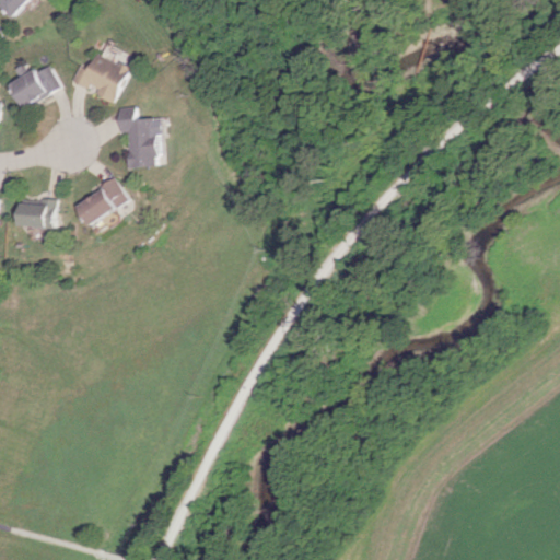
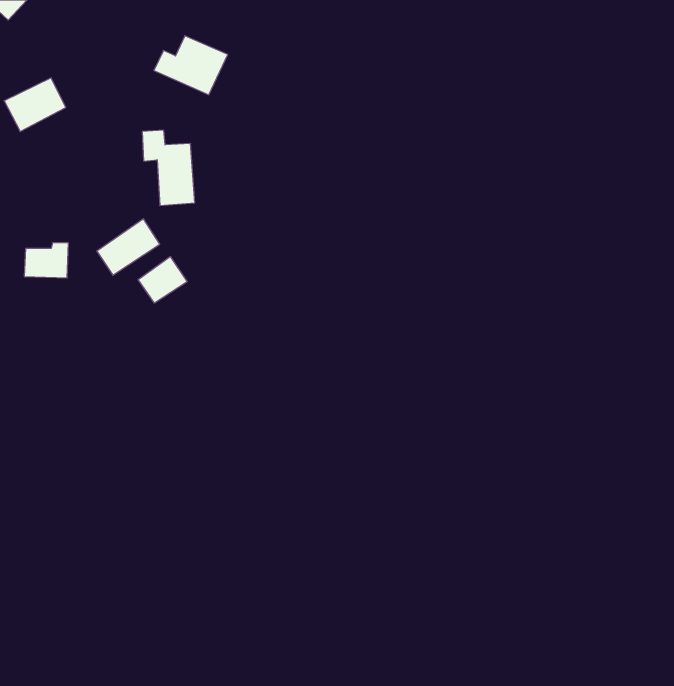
building: [65,52,125,101] -> [154,36,228,95]
building: none -> [138,257,187,303]

